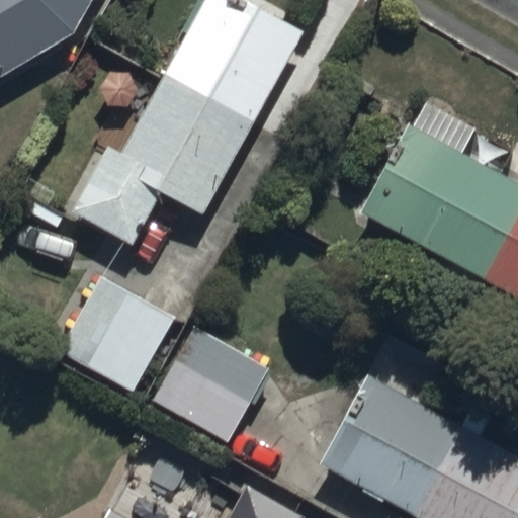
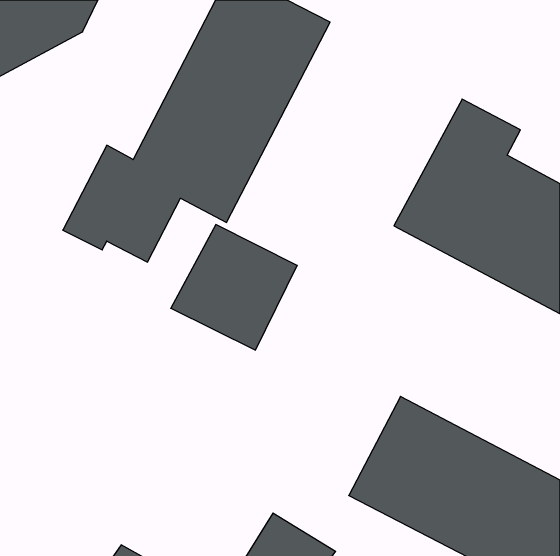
building: [50,276,173,397] -> none
building: [152,327,268,442] -> [171,225,297,350]

